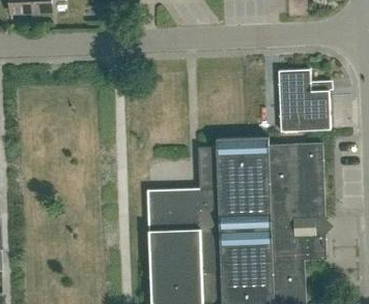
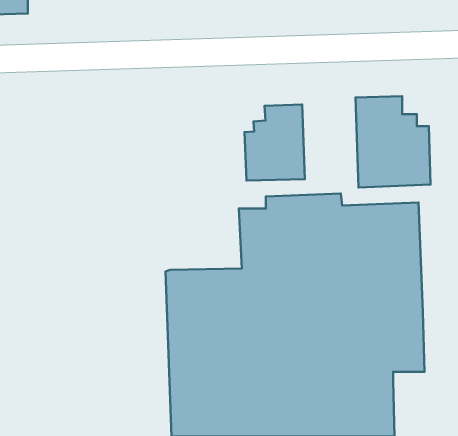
building: none -> [244,104,305,181]

